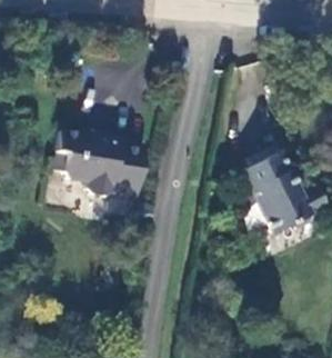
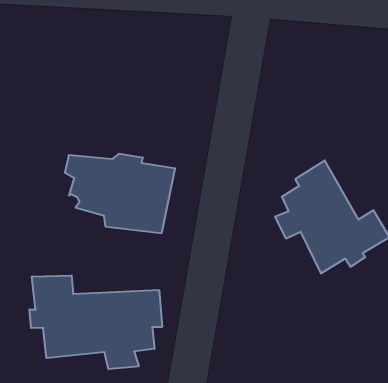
building: none -> [29,275,162,369]

